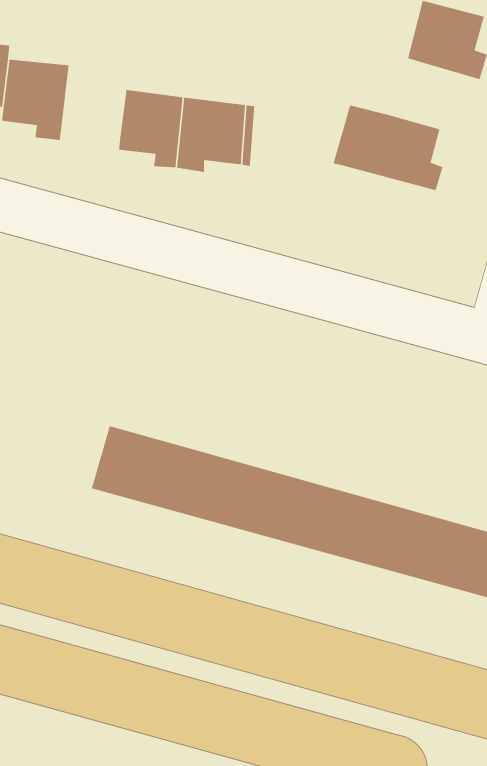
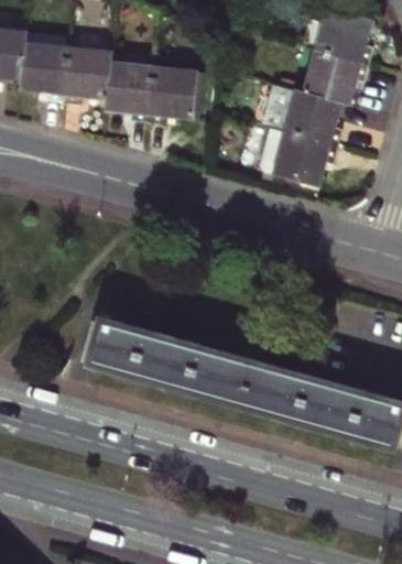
building: none -> [305,47,369,101]
building: none -> [65,52,115,109]
building: none -> [258,124,337,182]

